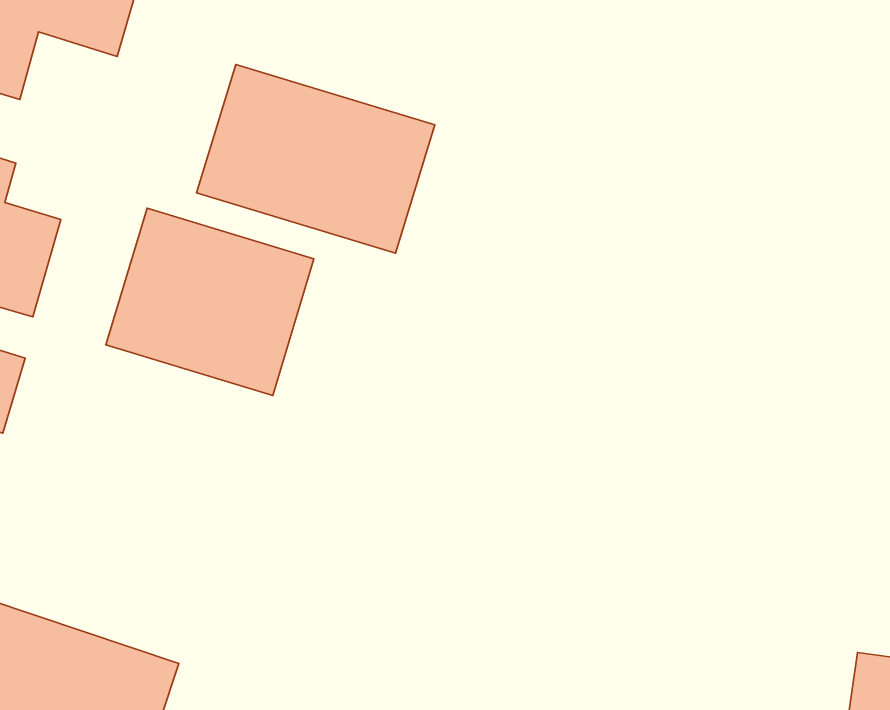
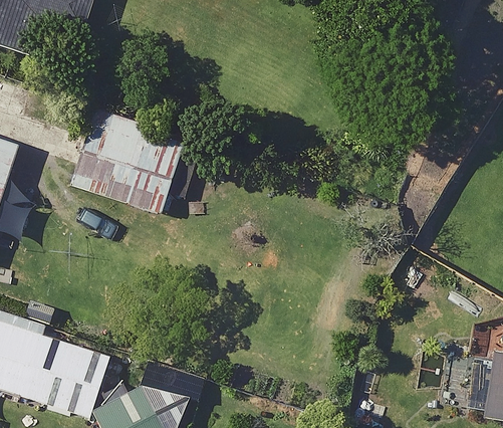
building: [196,64,435,253] -> none

